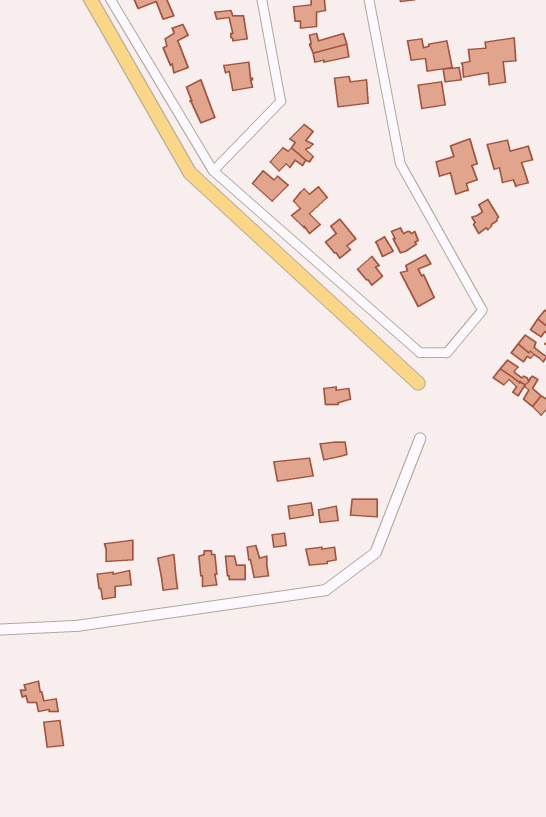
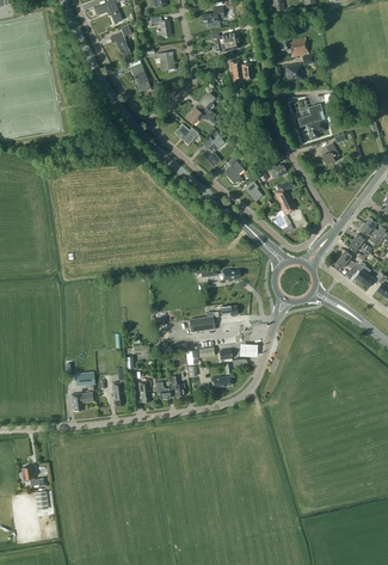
building: [462,38,516,85] -> none
building: [487,140,533,187] -> none

